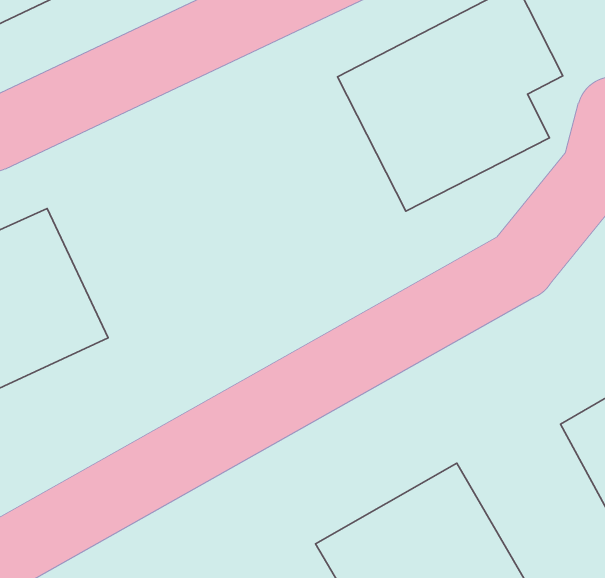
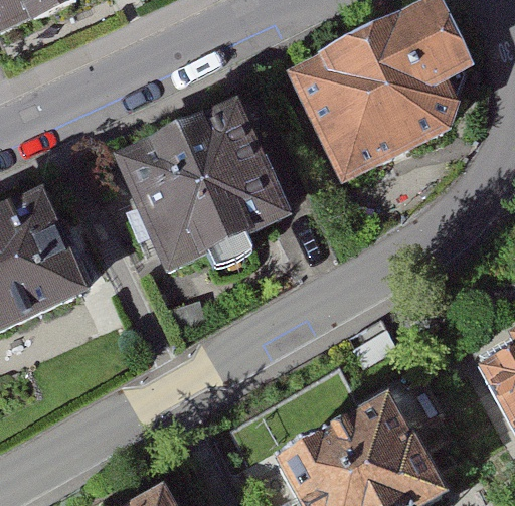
building: none -> [112,97,293,272]

